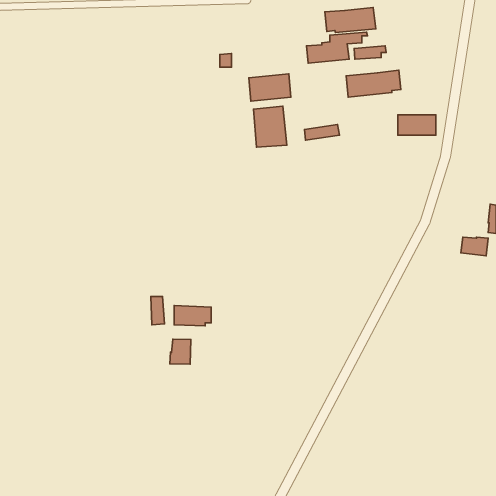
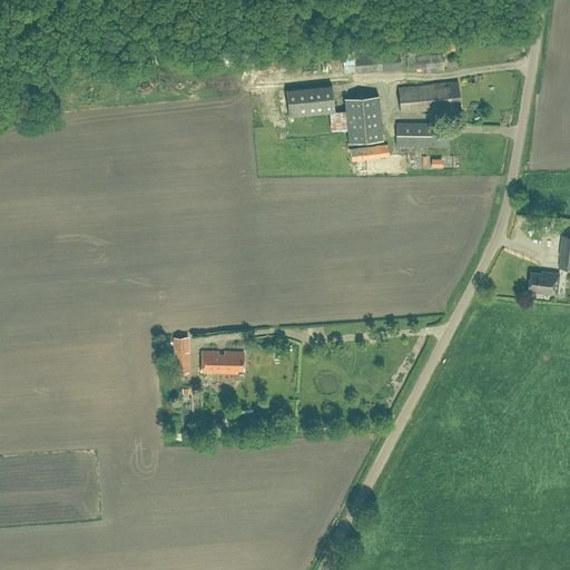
building: [325,7,376,33] -> none
building: [254,106,287,147] -> [346,95,384,141]
building: [398,115,436,135] -> [394,122,438,146]
building: [170,339,191,364] -> none

